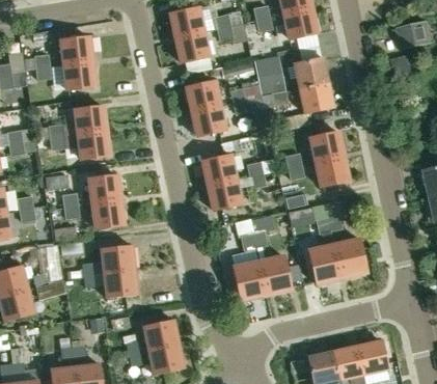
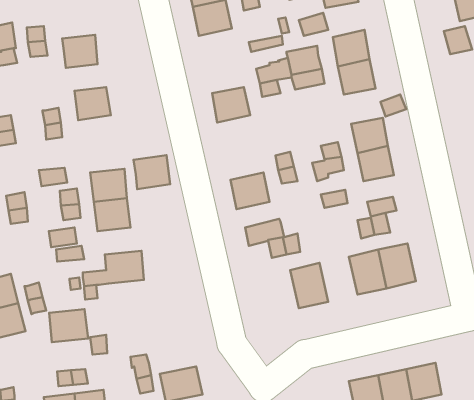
building: [62,36,92,64] -> none
building: [187,81,219,111] -> none
building: [78,130,109,159] -> [133,155,170,189]
building: [202,154,236,185] -> none
building: [234,262,266,300] -> none
building: [104,270,137,298] -> [49,309,88,342]
building: [142,319,179,350] -> none

